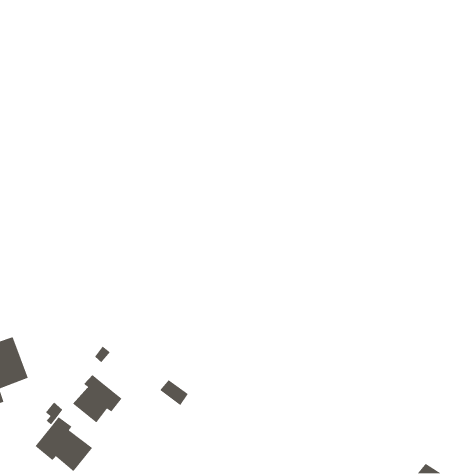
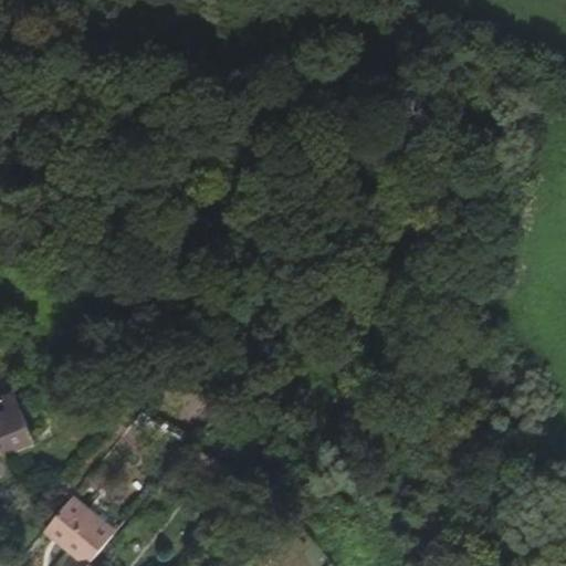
building: [72,374,122,423] -> none

